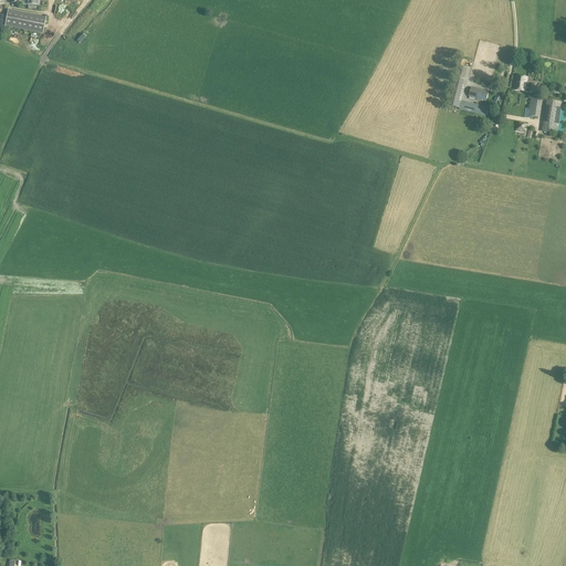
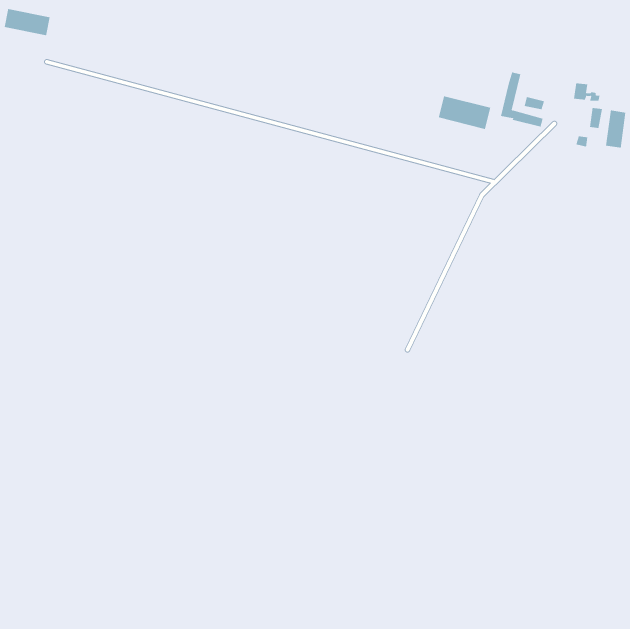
building: none -> [438,95,491,130]

